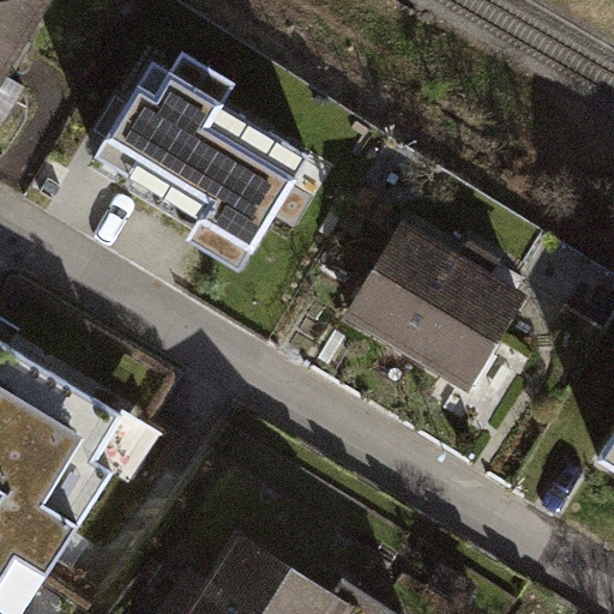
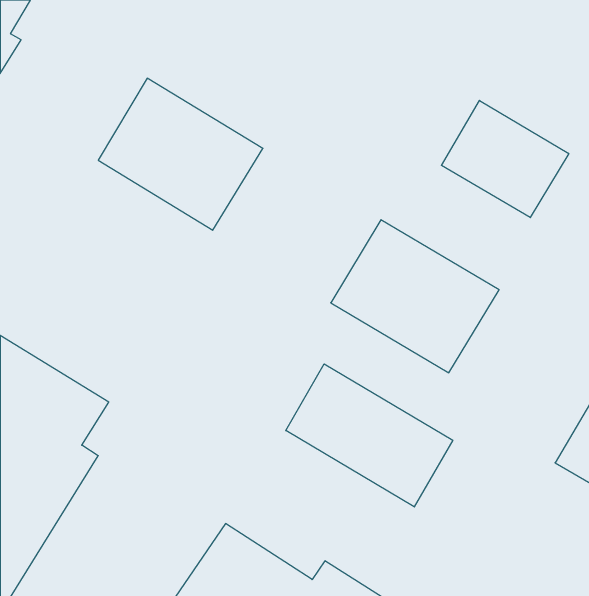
building: none -> [441,100,569,218]
building: none -> [286,364,453,507]

